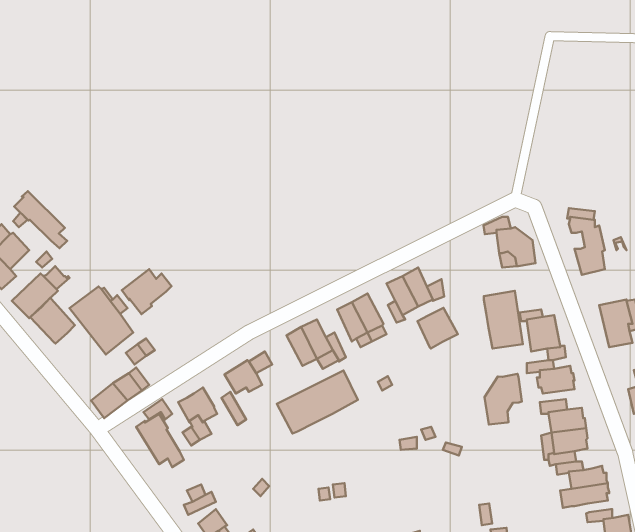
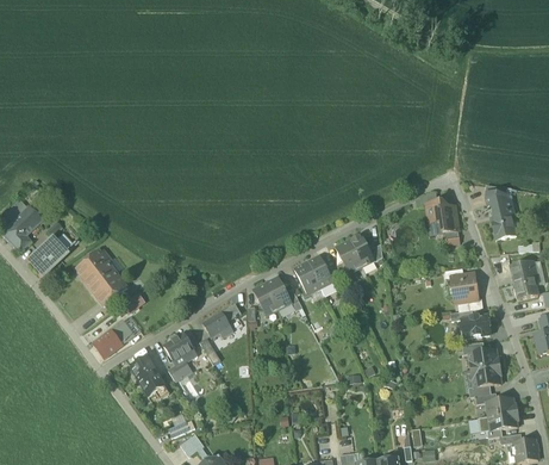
building: [14,191,67,248] -> none
building: [122,269,171,314] -> none
building: [484,291,523,348] -> none
building: [30,298,75,343] -> none
building: [418,308,458,348] -> none
building: [277,370,358,433] -> none
building: [485,374,522,425] -> none

